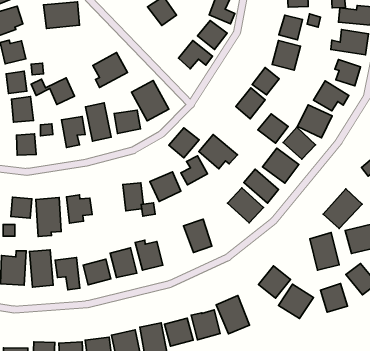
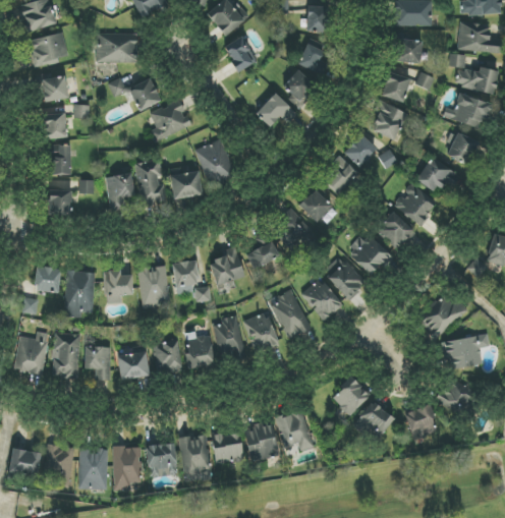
building: [31,78,74,104] -> [108,77,160,110]
building: [258,114,288,143] -> [296,185,334,222]
building: [169,128,199,158] -> none
building: none -> [137,265,171,308]
building: none -> [271,291,311,339]
building: none -> [213,316,250,364]
building: [310,232,339,270] -> none

